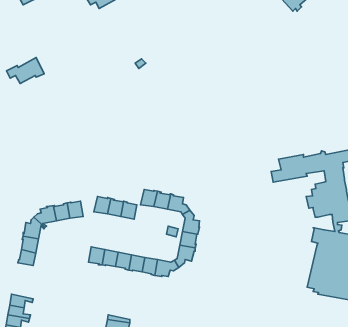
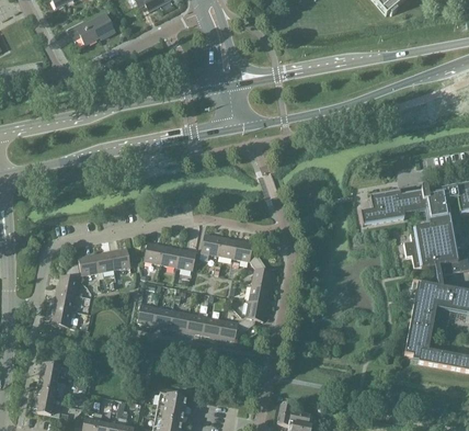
building: [7,58,44,84] -> [70,13,116,45]

